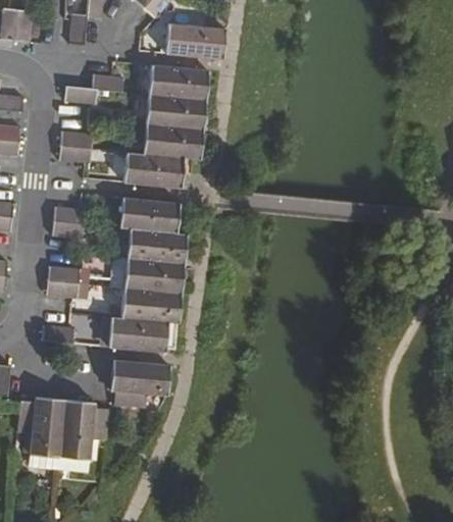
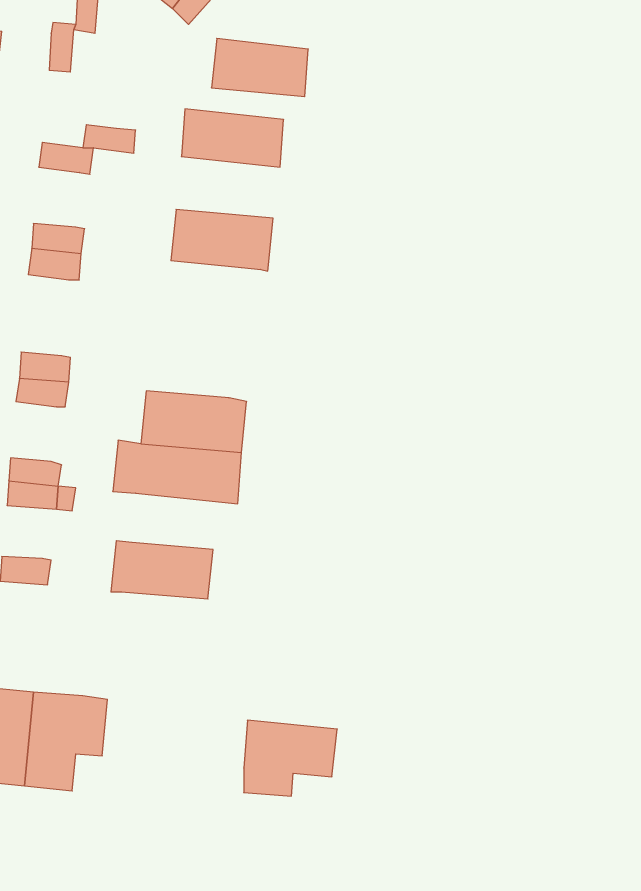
building: [145,92,205,127] -> none
building: [123,151,183,187] -> none
building: [118,198,178,231] -> none
building: [119,286,181,320] -> none
building: [113,359,167,403] -> [244,720,337,796]

